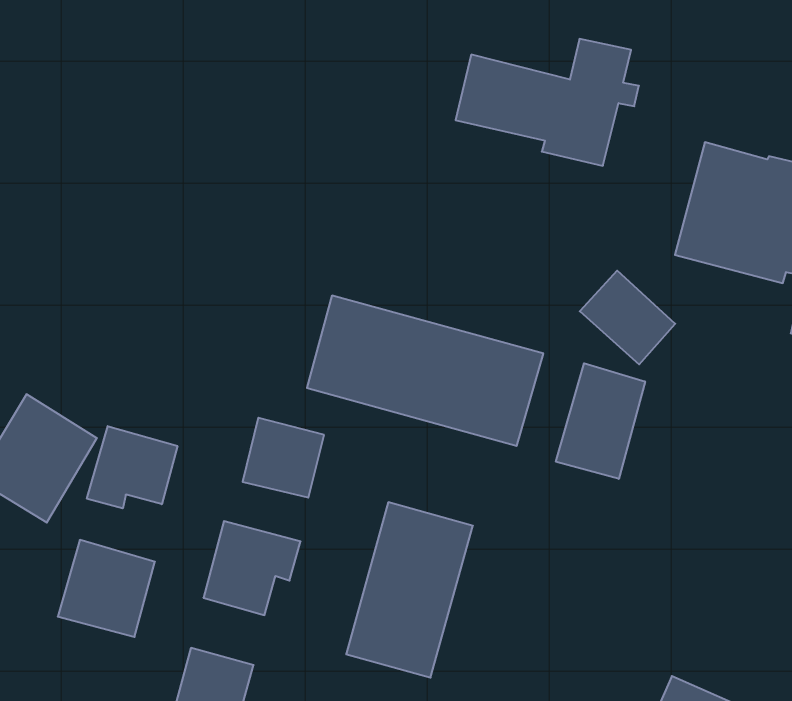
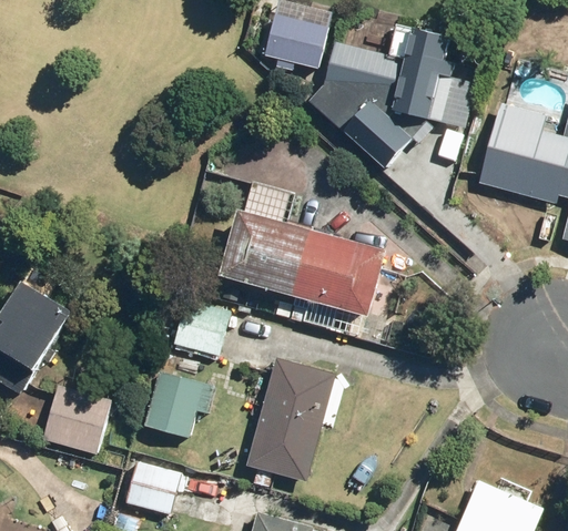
building: none -> [265,14,327,72]
building: [580,271,675,364] -> [346,102,414,169]
building: [556,363,645,479] -> none
building: [87,426,177,508] -> none

